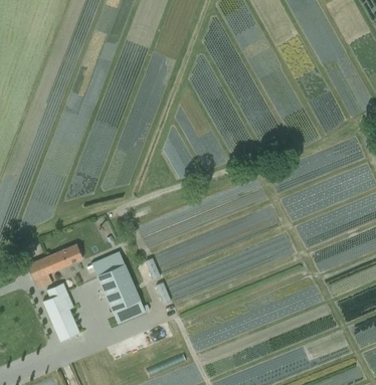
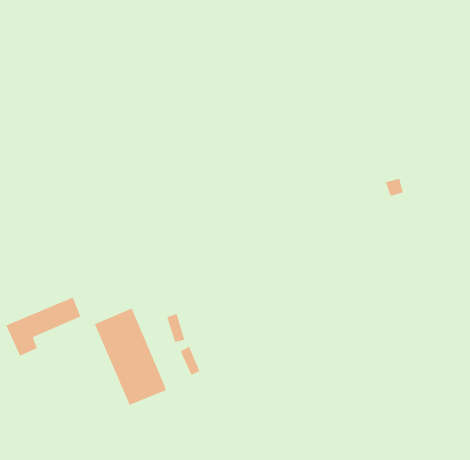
building: [42,282,79,341] -> none

